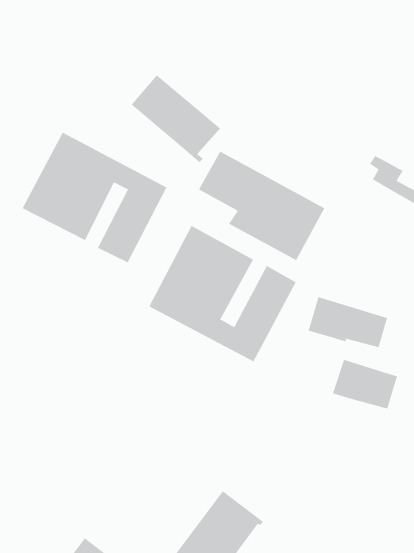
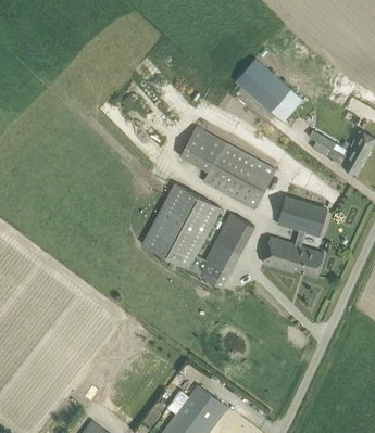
building: [131,74,221,163] -> [234,58,302,125]
building: [22,132,167,263] -> none
building: [332,359,398,409] -> [277,198,327,235]

